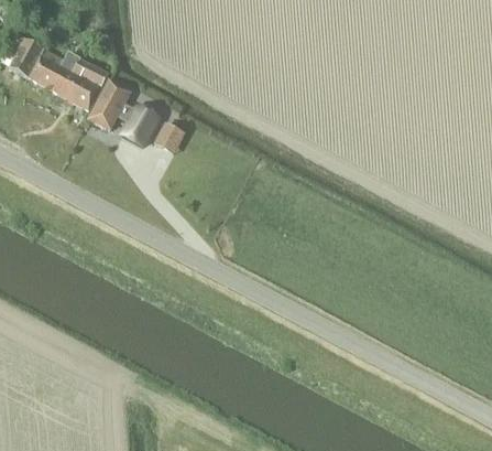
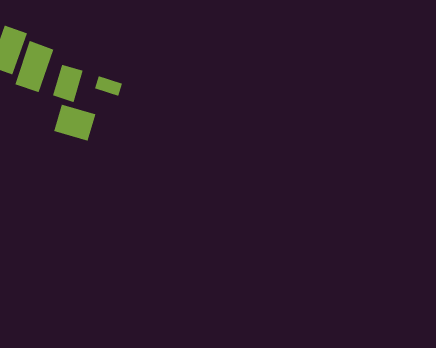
building: none -> [54,104,96,142]

